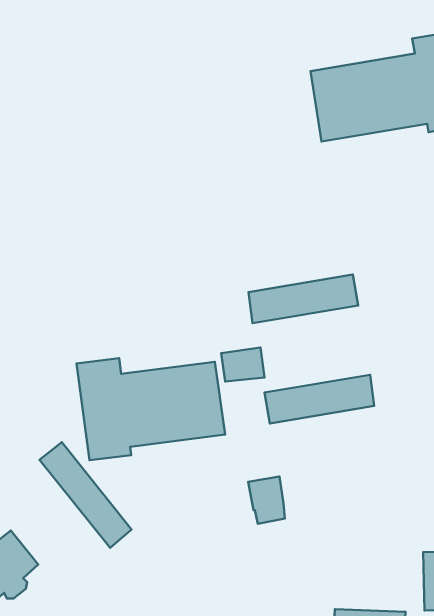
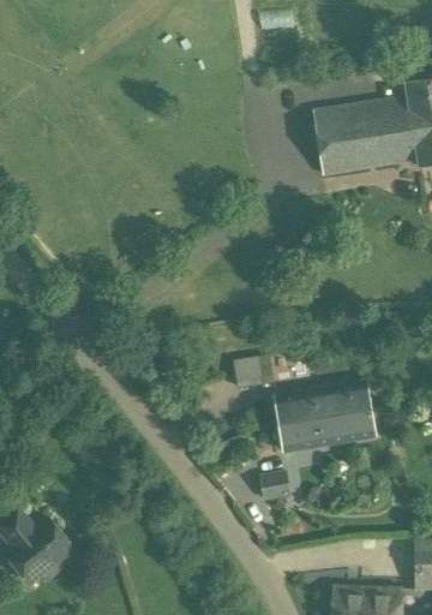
building: [248,274,358,323] -> [277,408,374,452]
building: [76,358,225,460] -> none
building: [39,442,131,548] -> none

